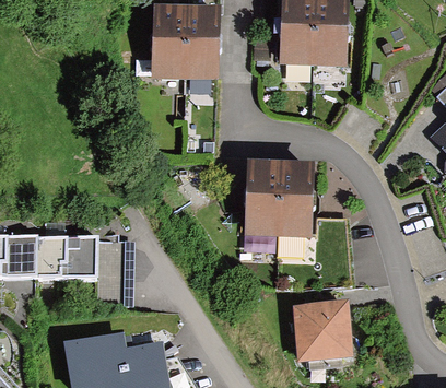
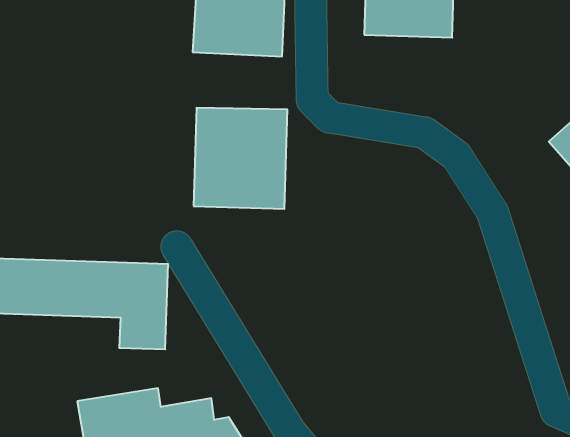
building: [245,161,316,237] -> [194,108,287,209]
building: [293,299,354,360] -> none

